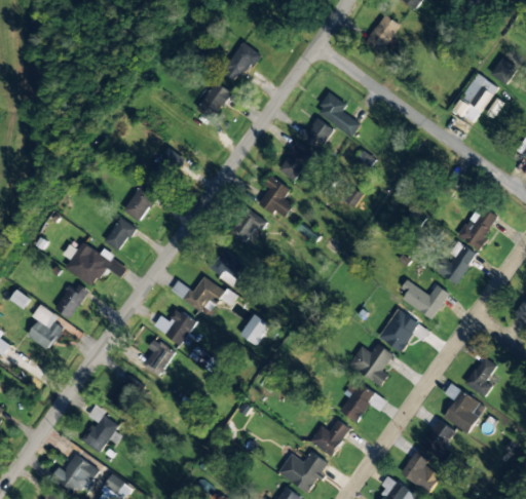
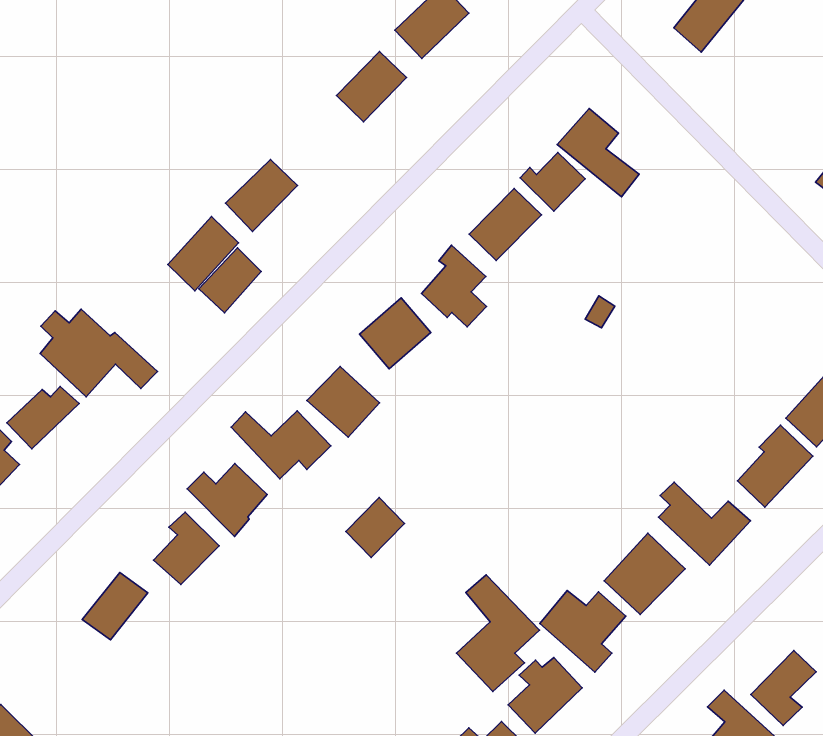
building: [105,217,136,252] -> [199,248,261,313]
building: none -> [456,575,540,692]
building: [82,406,123,452] -> none

